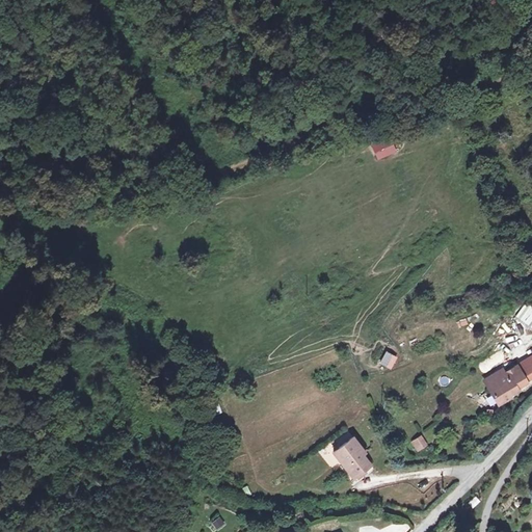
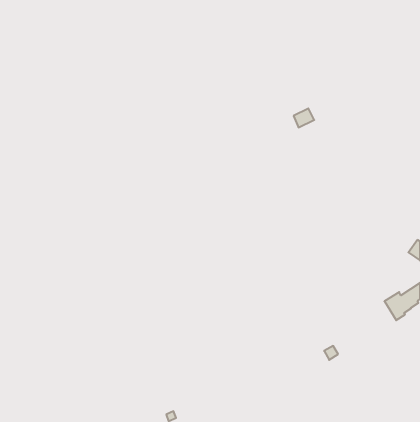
building: [337,436,373,478] -> none

